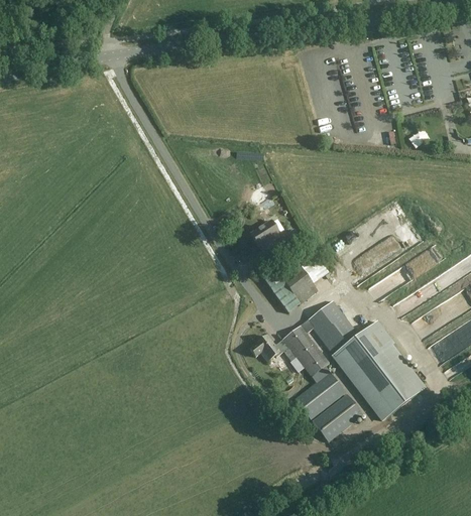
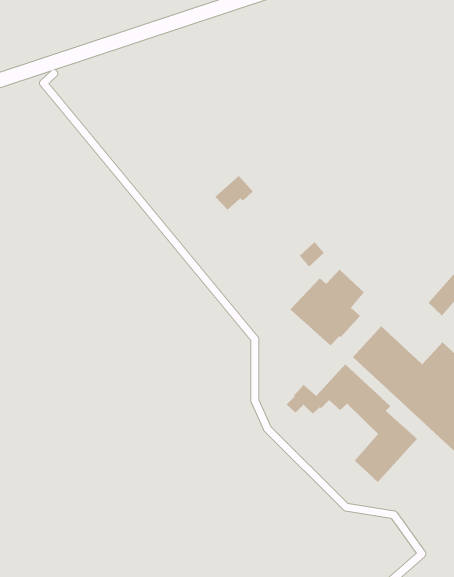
building: [250,220,280,245] -> [215,175,254,210]
building: [312,393,363,441] -> none

